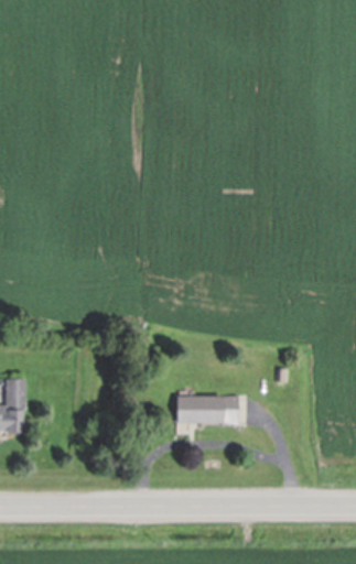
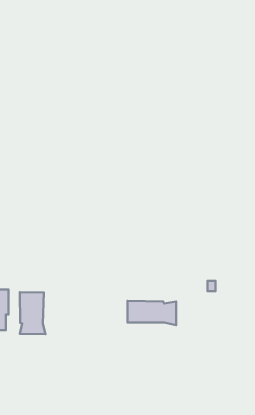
building: none -> [20,292,46,334]

